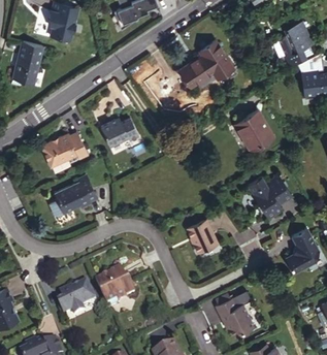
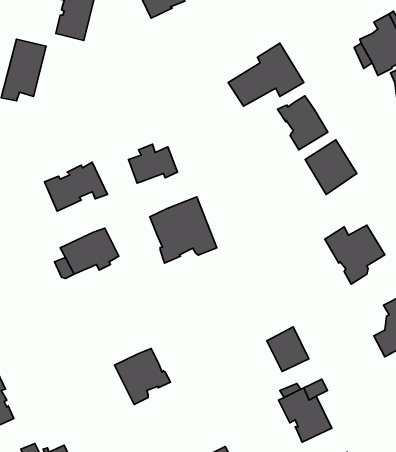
building: none -> [278,96,328,150]
building: none -> [150,197,217,263]
building: [186,220,217,253] -> [267,327,309,372]
building: [58,280,95,315] -> none

